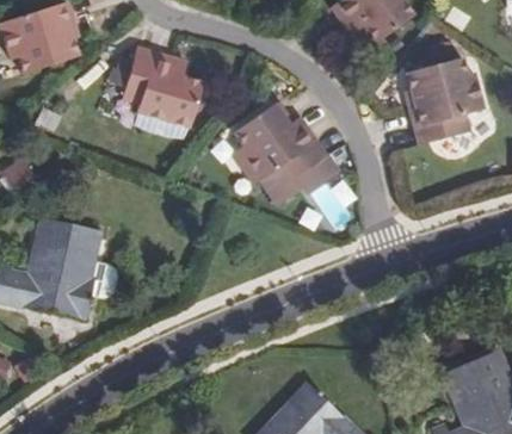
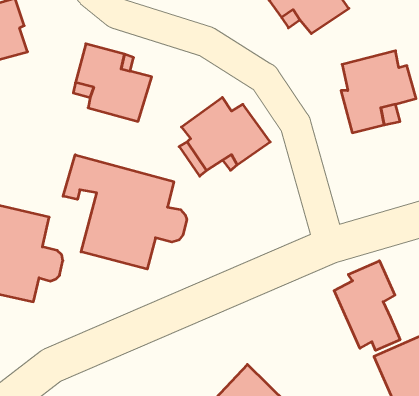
building: none -> [63,155,187,269]
building: none -> [334,261,400,350]

